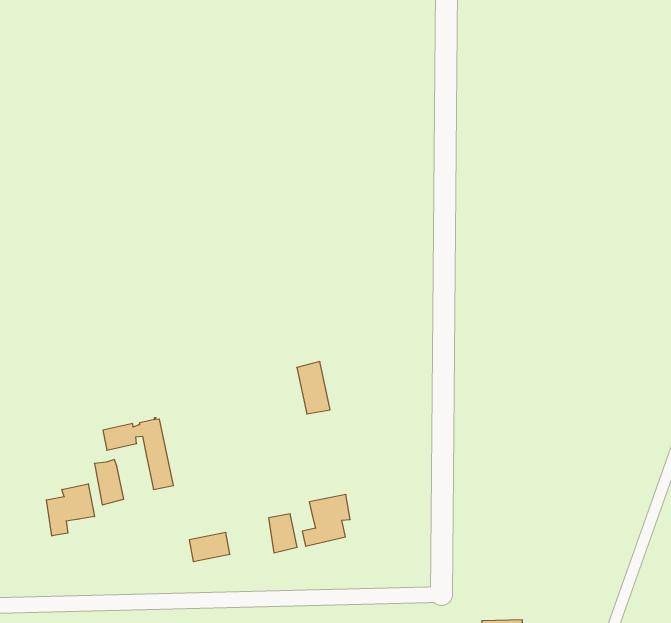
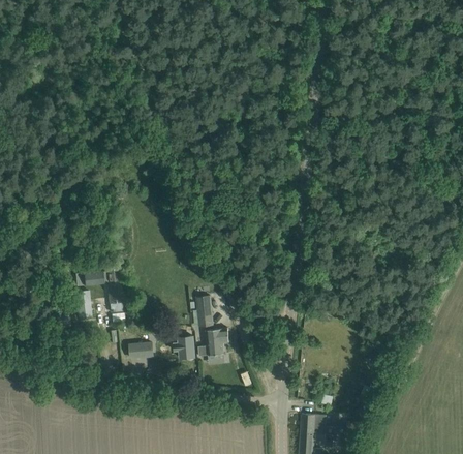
building: [297,362,330,414] -> [195,295,213,326]
building: [47,484,94,536] -> none

